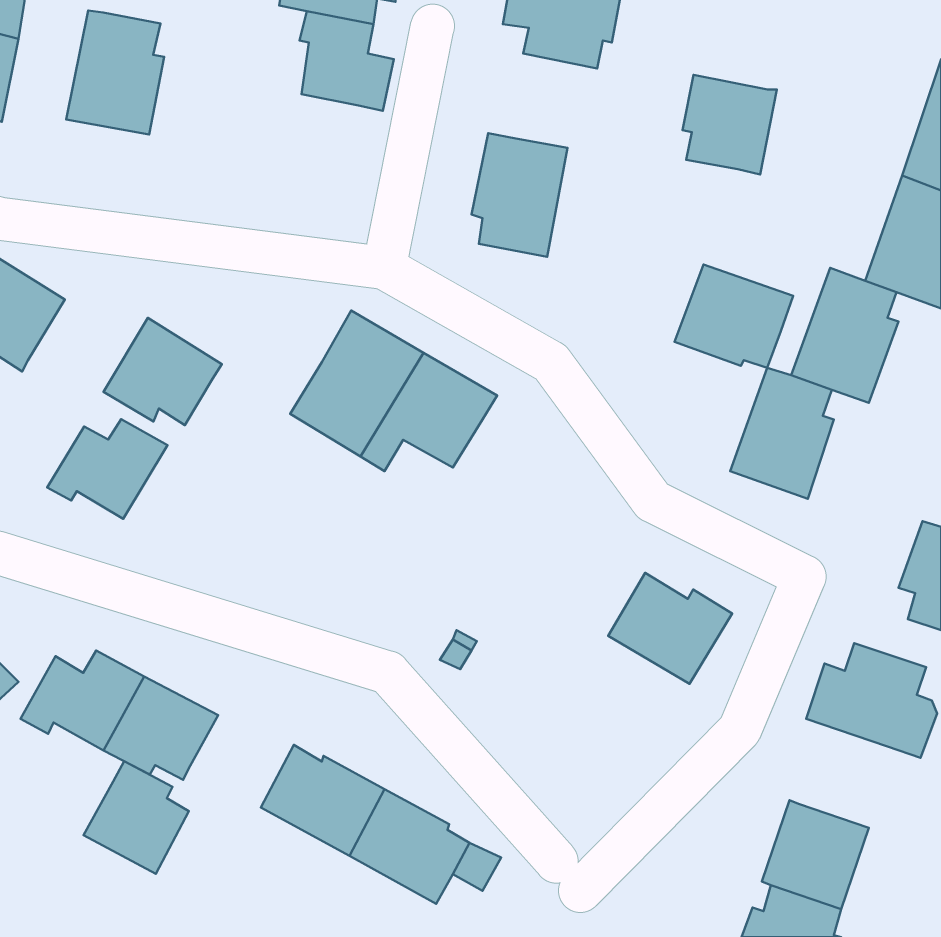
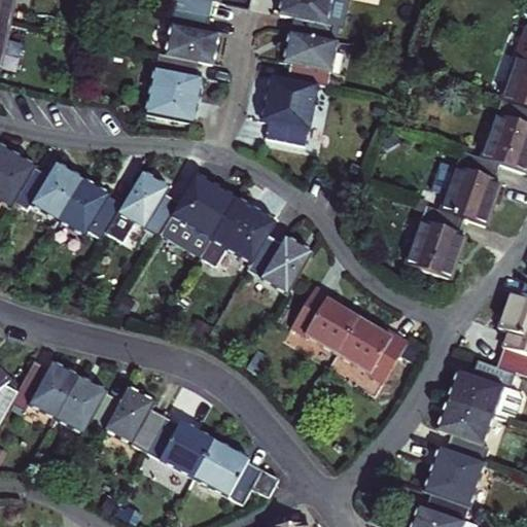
building: [66,11,164,134] -> [147,51,202,120]
building: [683,75,777,175] -> [285,30,338,85]
building: [675,264,793,368] -> none
building: none -> [118,172,179,235]
building: [47,419,167,519] -> [15,163,82,218]
building: none -> [248,234,312,291]
building: none -> [292,286,359,354]
building: none -> [440,400,494,461]
building: [84,761,189,874] -> [105,387,164,450]

